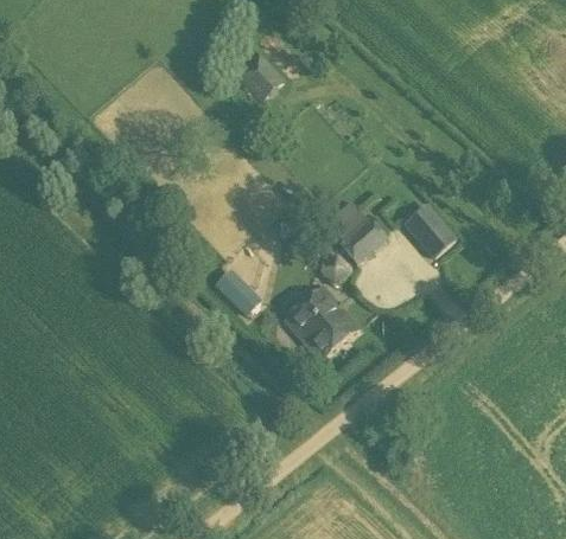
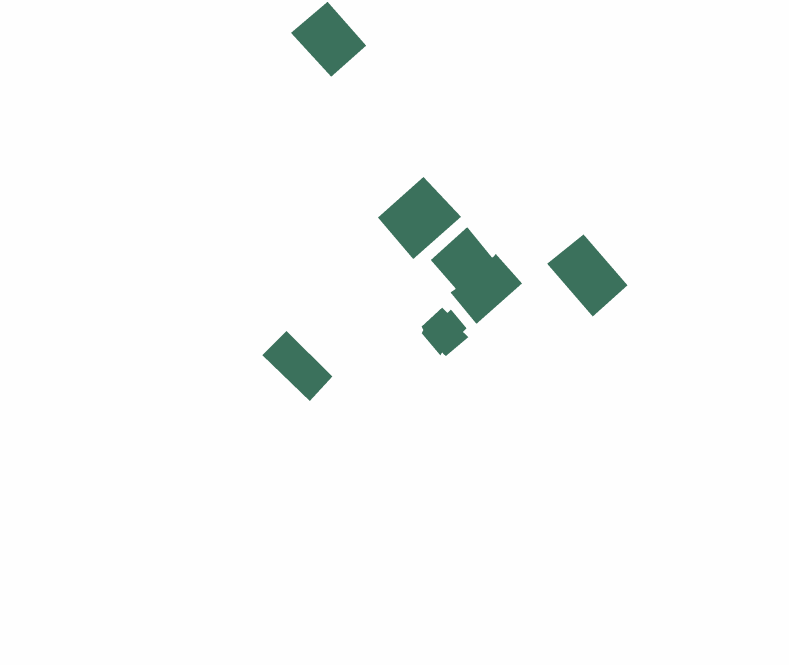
building: none -> [377,176,462,260]
building: [285,285,360,361] -> none

